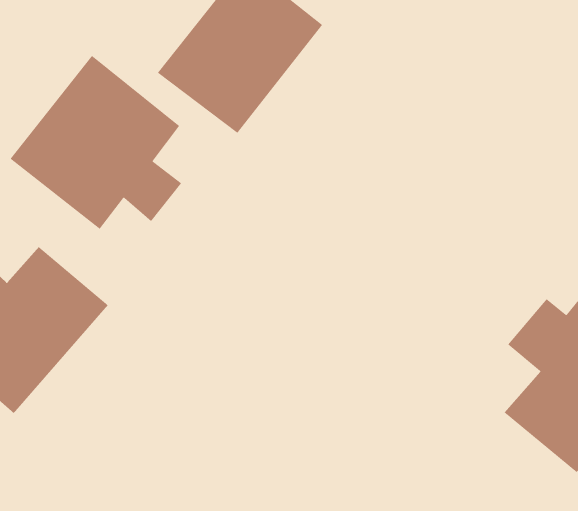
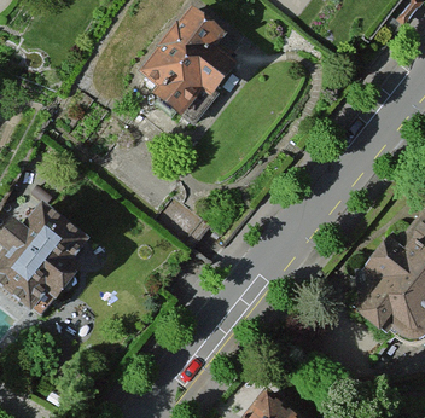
building: [10,55,182,230] -> none

